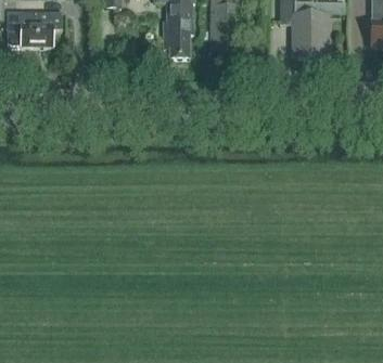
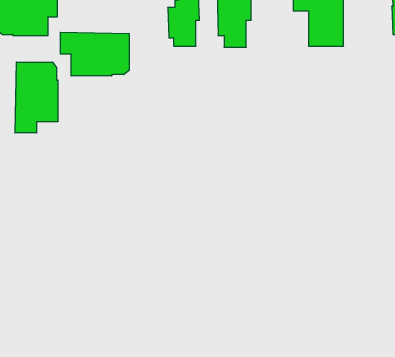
building: none -> [60,32,129,76]
building: none -> [15,62,58,133]

